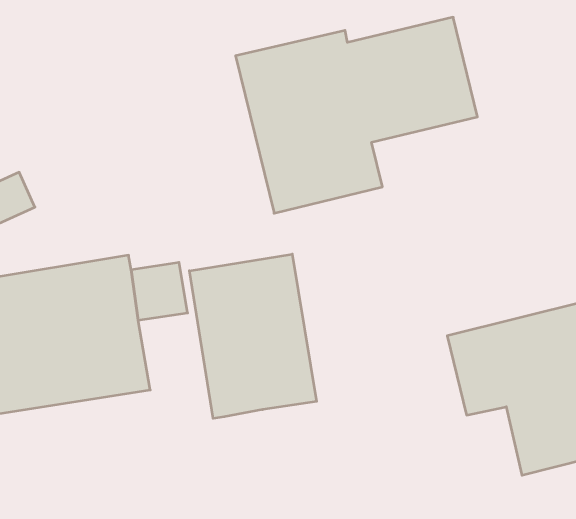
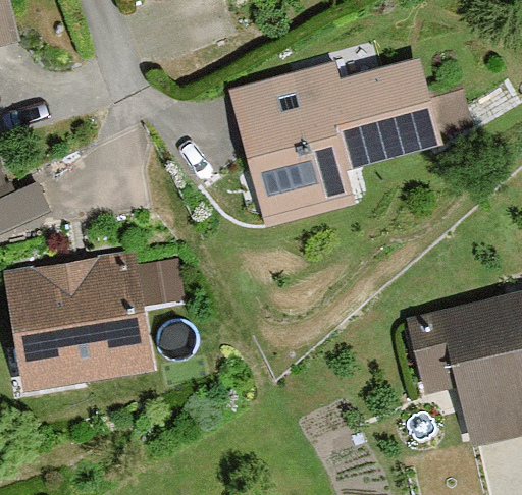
building: [189,254,317,418] -> none

